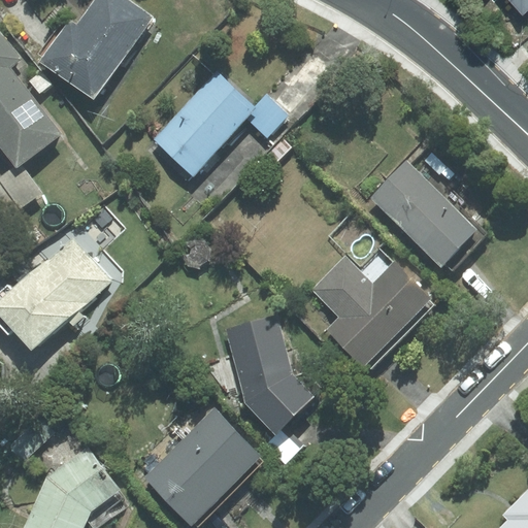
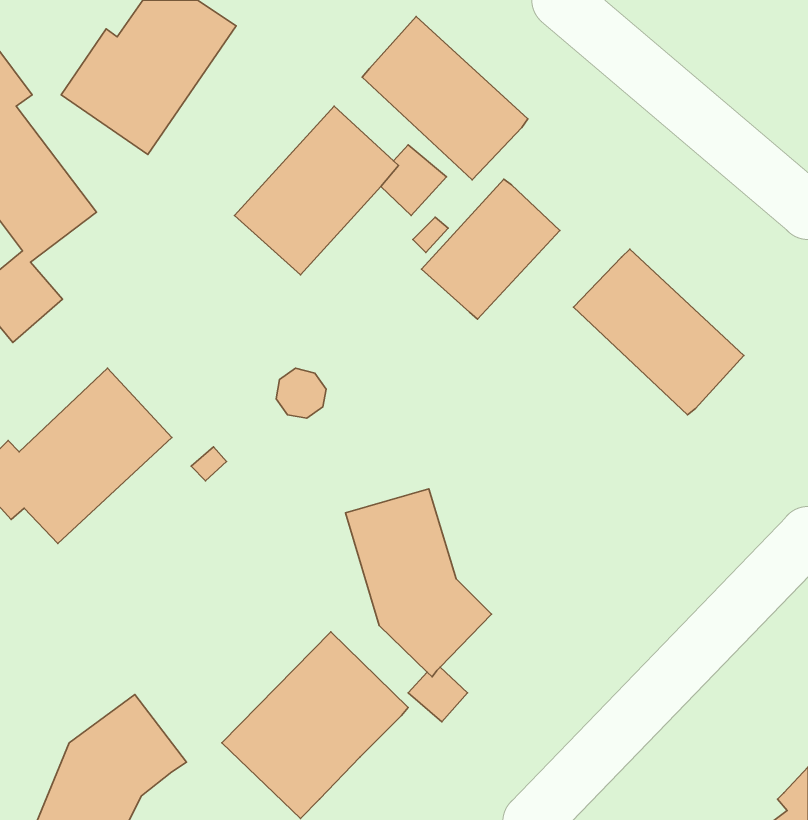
building: none -> [362,17,528,180]
building: none -> [421,179,560,319]
building: [308,257,432,367] -> none

